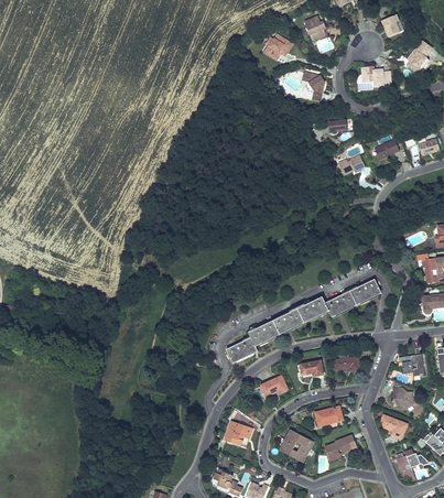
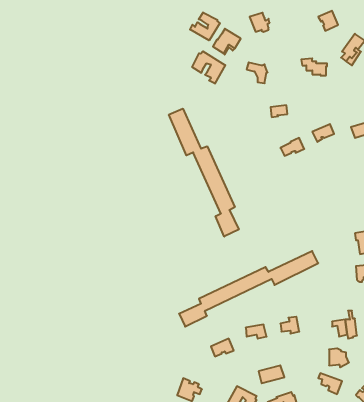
building: none -> [190,12,220,40]
building: none -> [192,51,225,84]
building: none -> [169,109,239,237]

